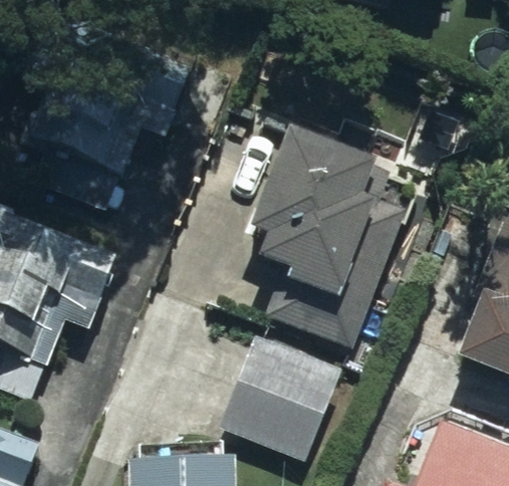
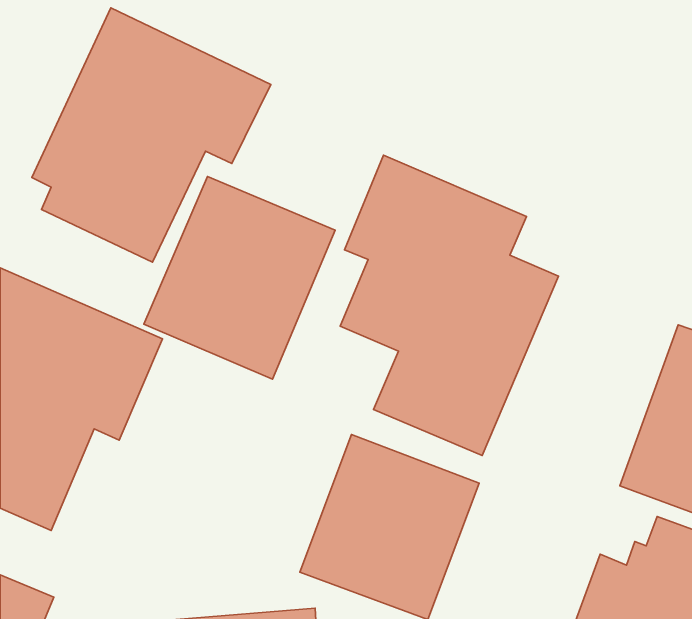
building: none -> [144,176,335,379]

